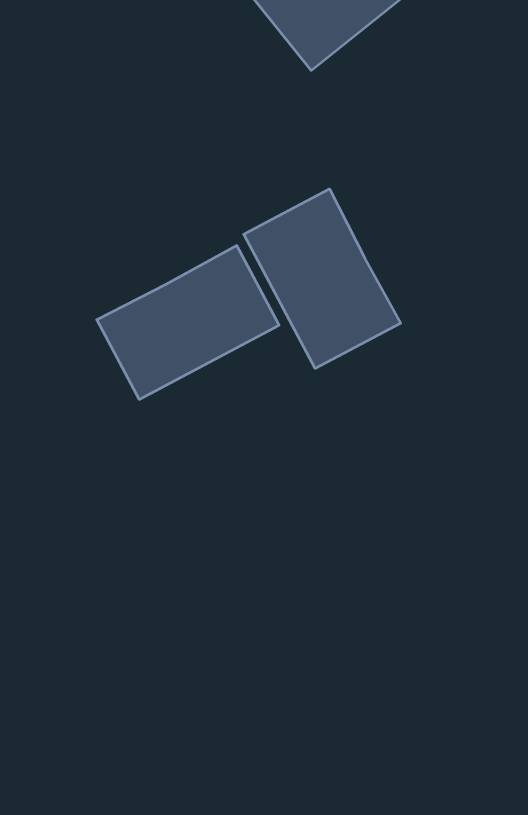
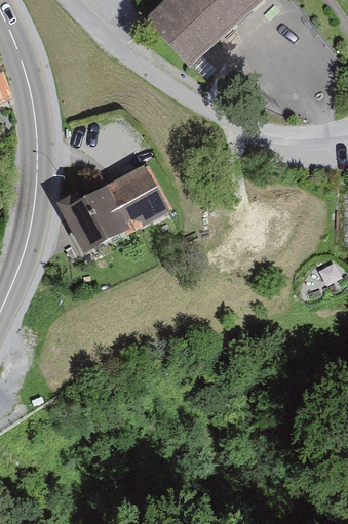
building: [244,189,401,368] -> none

